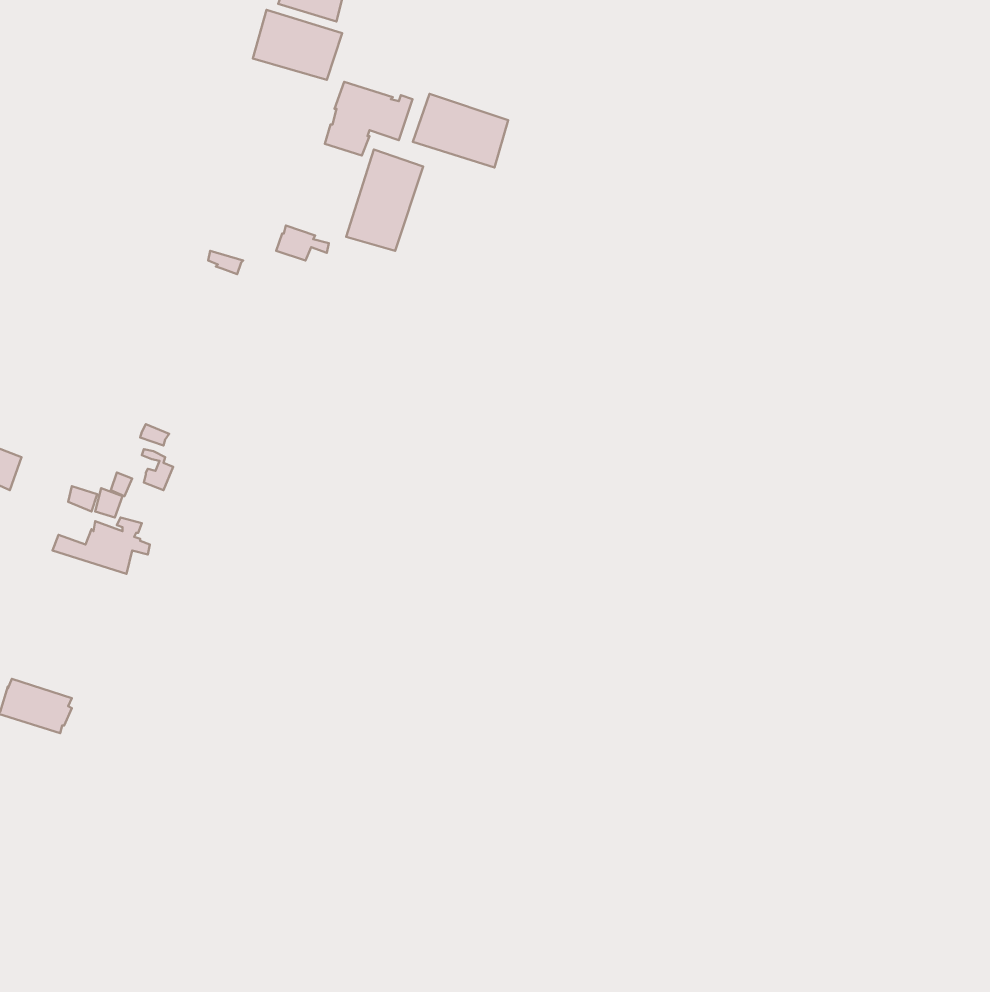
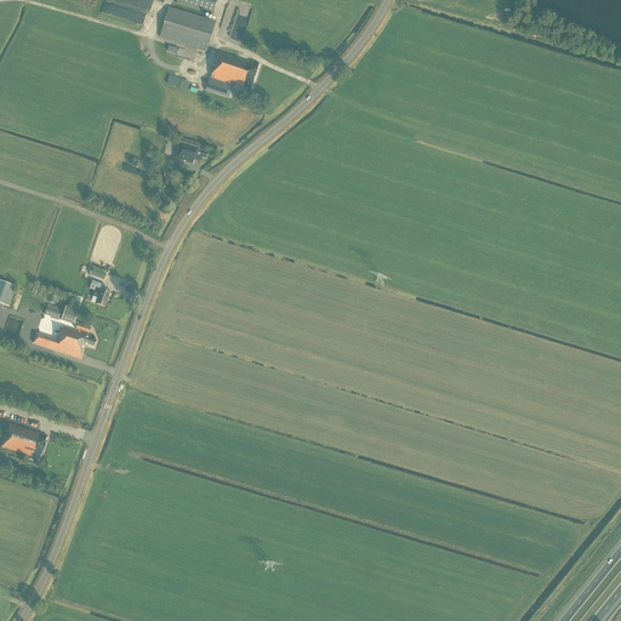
building: [413,94,508,168] -> none
building: [346,149,423,251] -> none

